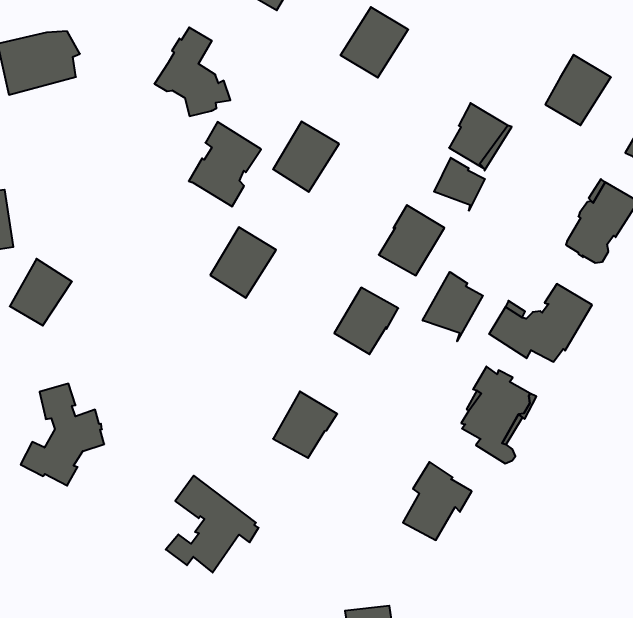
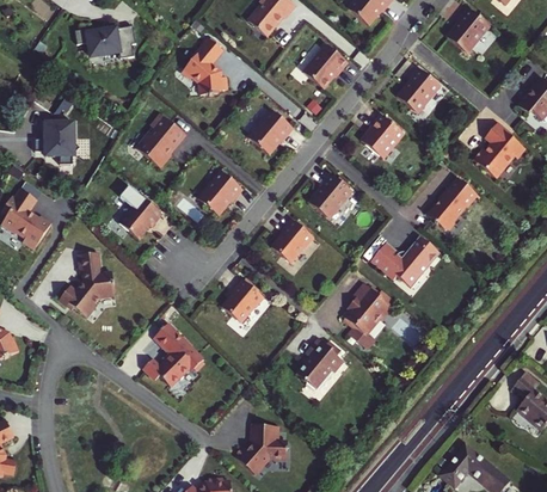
building: [545,55,611,125] -> [397,67,441,112]
building: [189,122,261,206] -> [136,112,185,167]
building: [434,158,485,211] -> none
building: [10,259,72,326] -> [119,195,161,238]
building: [423,272,483,341] -> none

